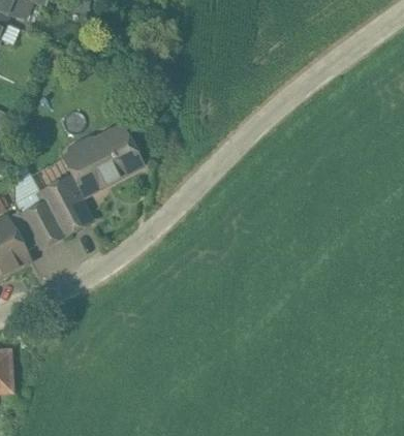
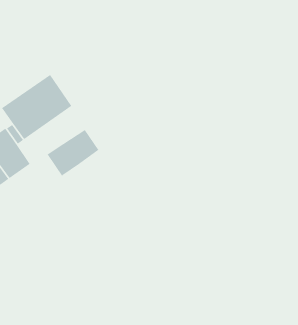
building: none -> [47,129,99,177]

